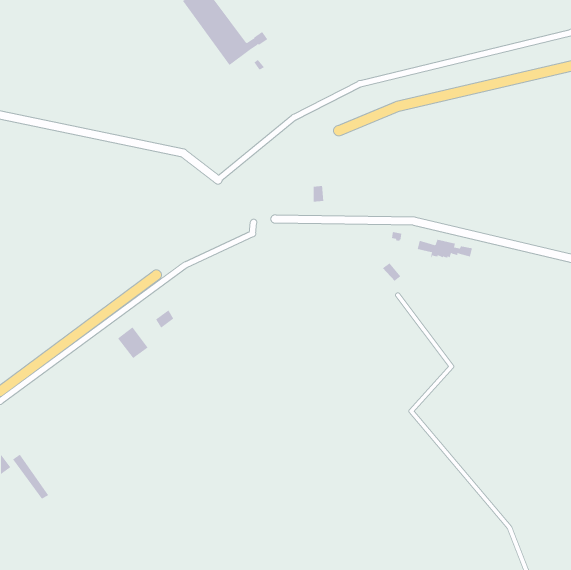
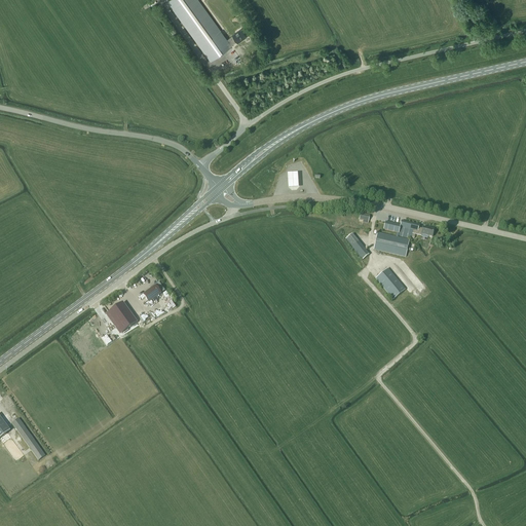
building: none -> [373,232,409,256]
building: none -> [376,268,405,299]

